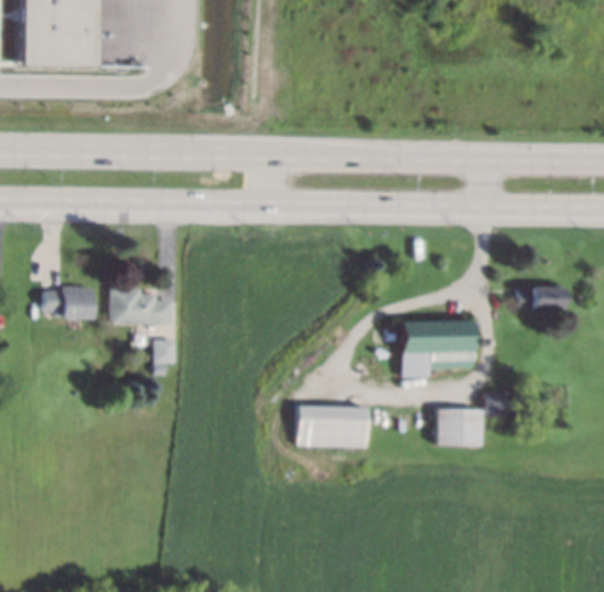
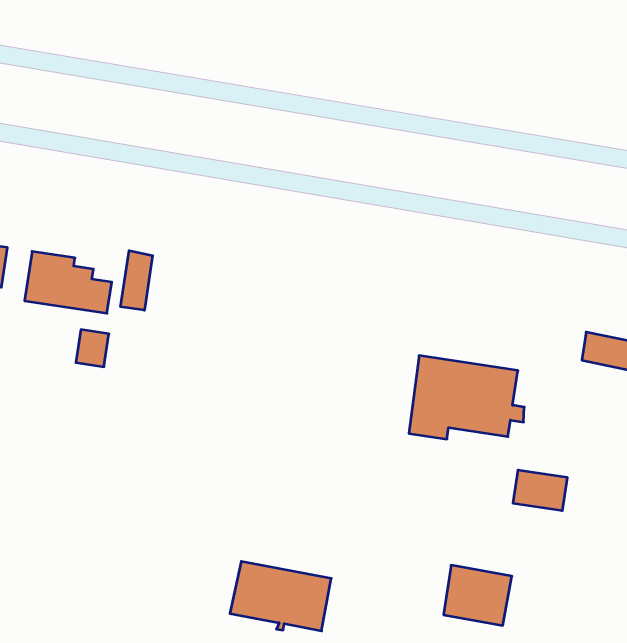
building: none -> [121,251,153,310]
building: [298,405,367,450] -> [230,561,331,631]
building: [438,408,483,445] -> [444,565,512,625]

